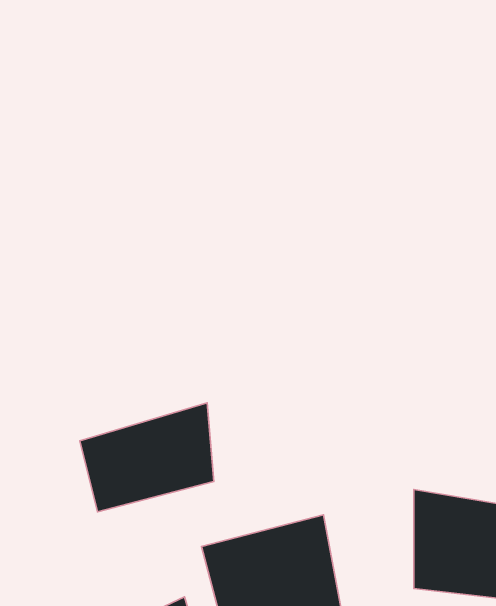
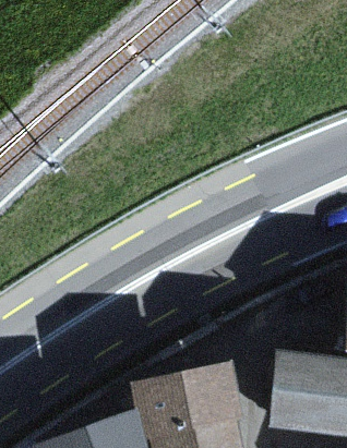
building: [80,403,214,512] -> none

